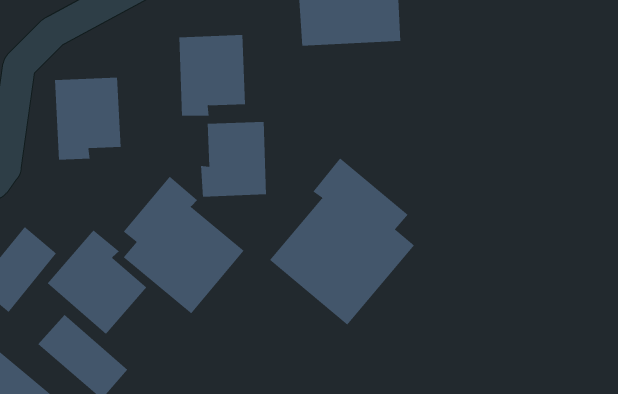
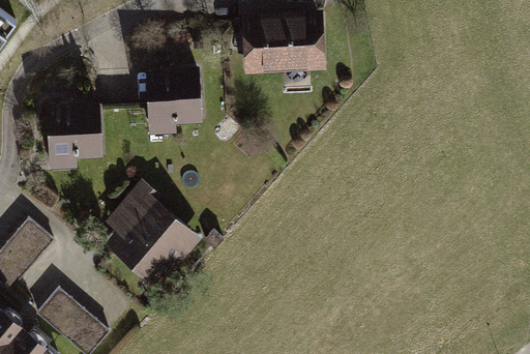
building: [201,121,267,198] -> none
building: [269,157,415,325] -> none
building: [47,229,147,335] -> none

